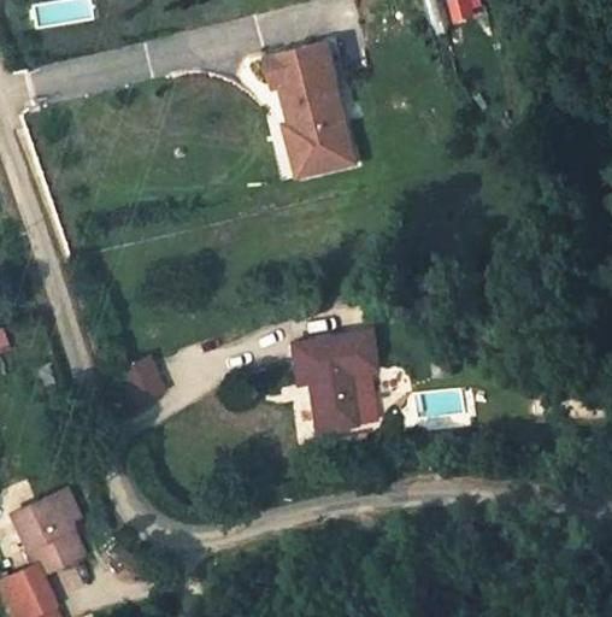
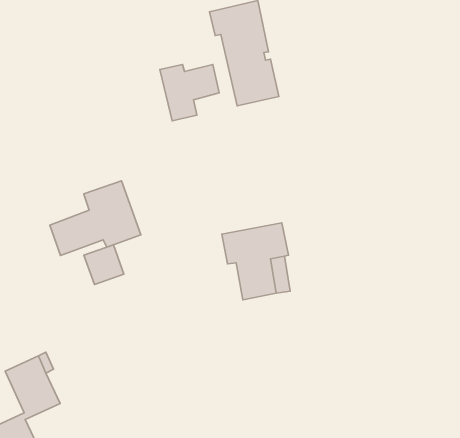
building: none -> [160,64,219,121]
building: none -> [50,181,141,255]

